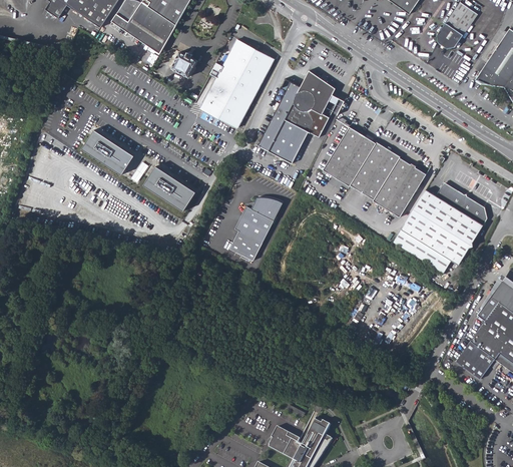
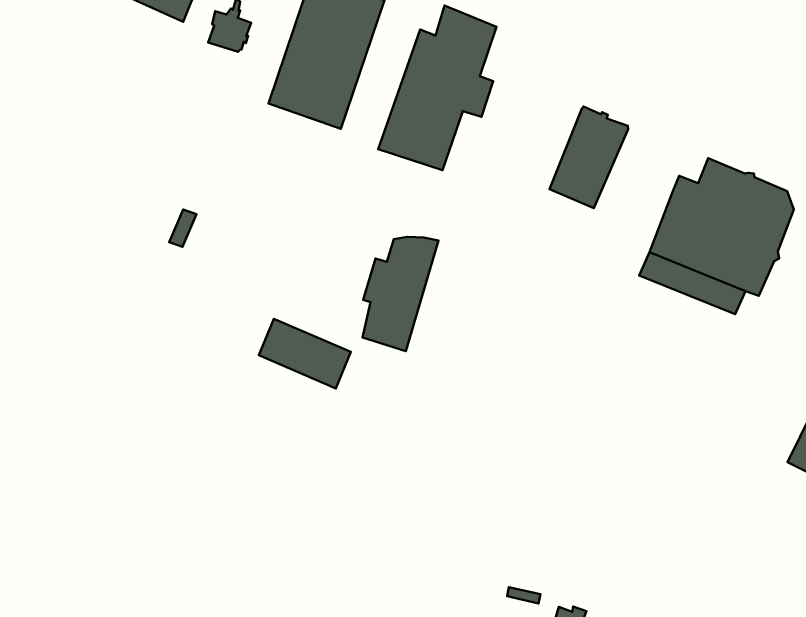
building: [322,125,376,184] -> none
building: [83,127,134,173] -> none
building: [373,157,425,215] -> none
building: [145,164,197,209] -> [259,319,351,388]

